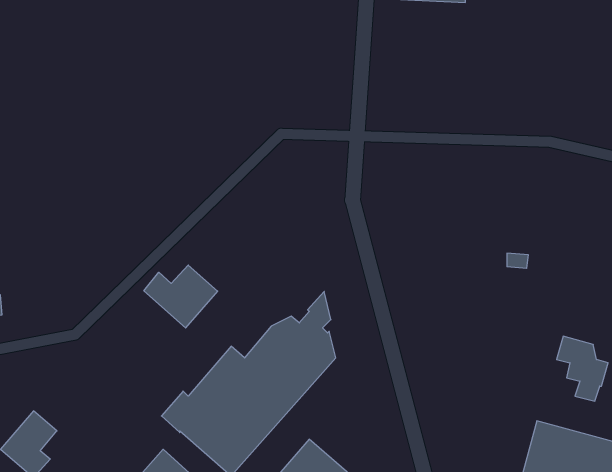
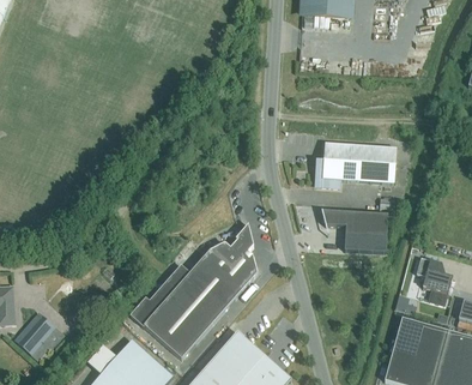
building: none -> [316,142,397,186]
building: [144,265,218,328] -> none
building: none -> [321,209,388,252]

